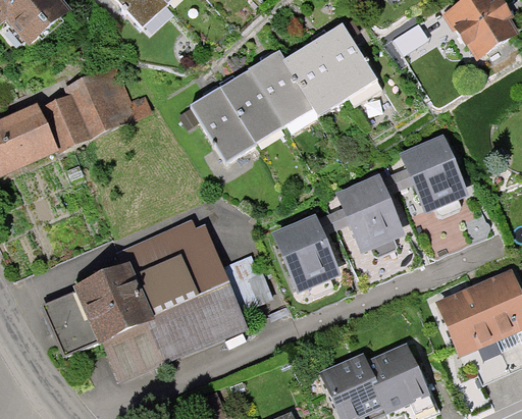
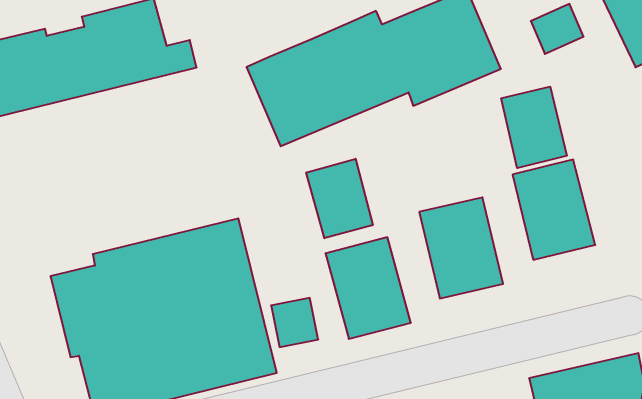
building: none -> [501,87,567,168]
building: none -> [306,159,373,238]
building: [47,299,100,364] -> none

